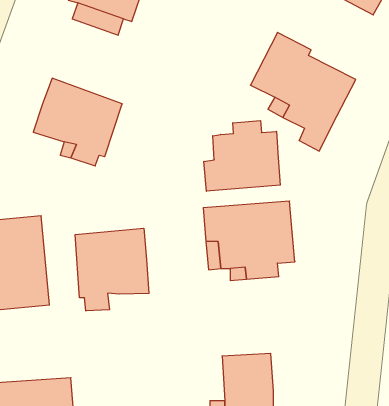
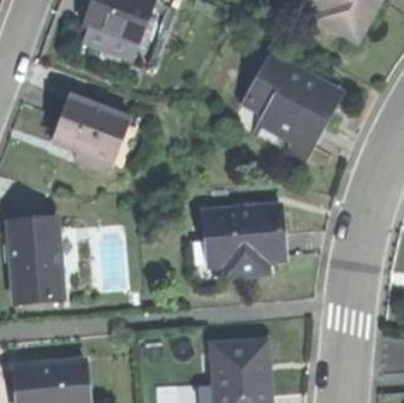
building: [204,121,280,191] -> none
building: [75,228,149,311] -> none

